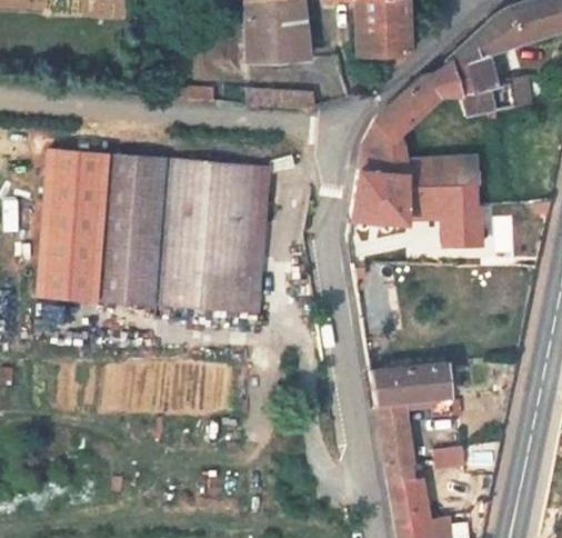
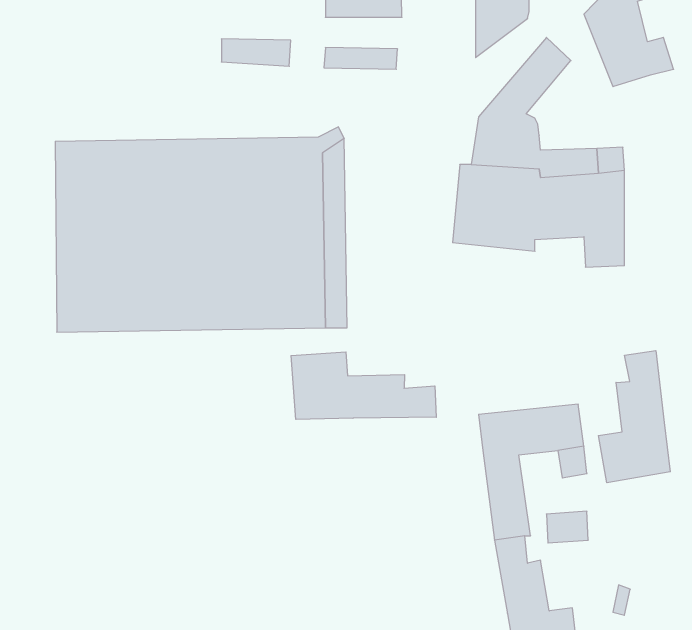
building: none -> [598,351,670,483]
building: none -> [291,352,436,419]

